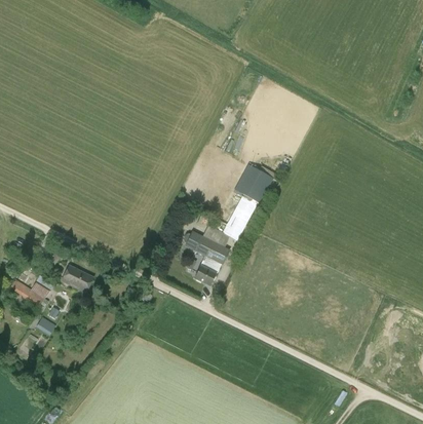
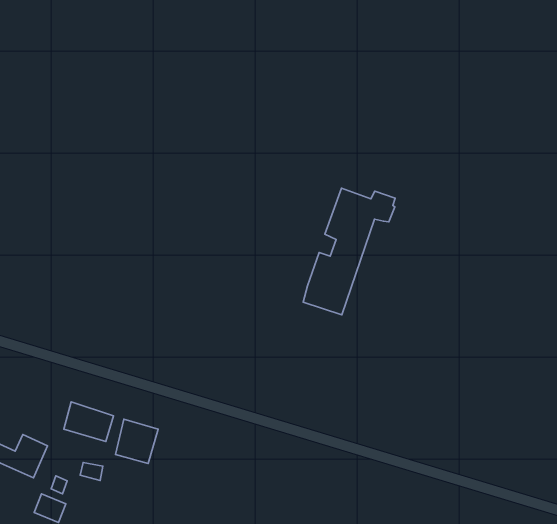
building: [185,231,228,283] -> none
building: none -> [116,419,158,464]

